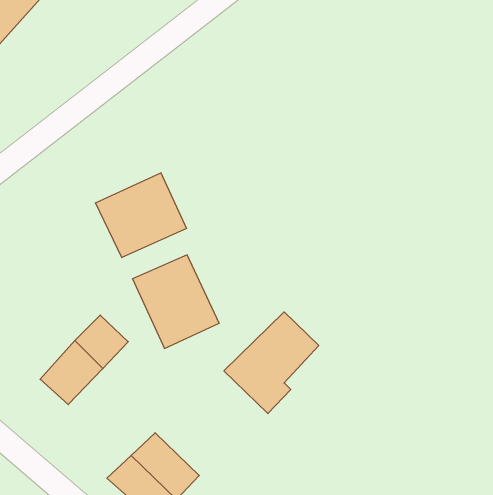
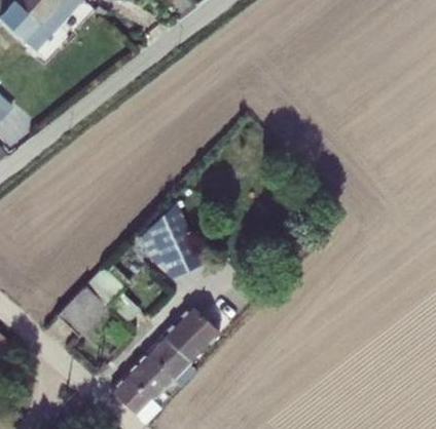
building: [96,173,186,258] -> none
building: [224,312,319,414] -> [153,302,226,380]

